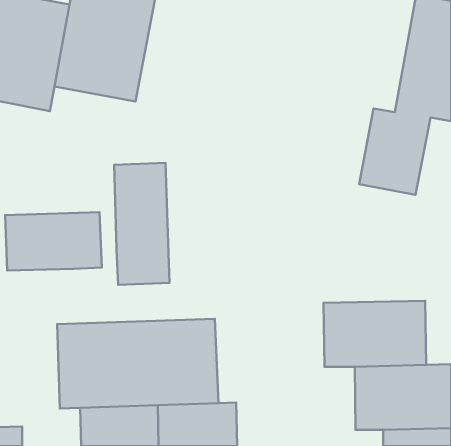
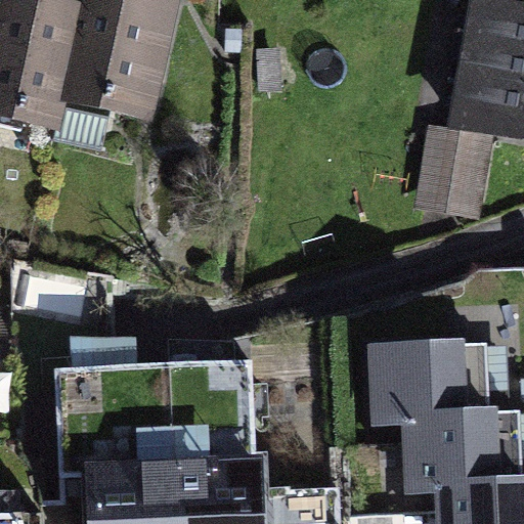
building: [114,163,169,285] -> none
building: [5,212,102,271] -> none

